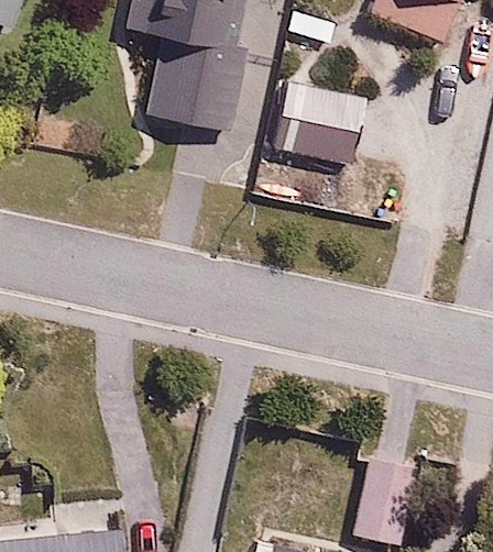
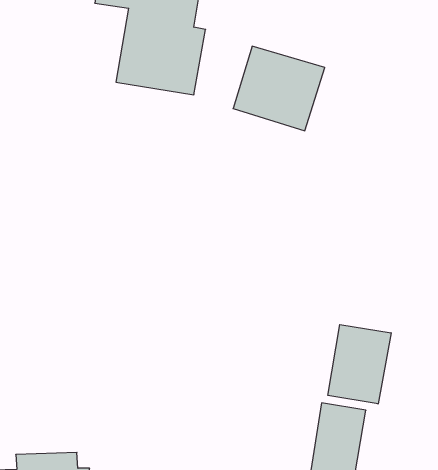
building: none -> [328,325,391,404]

